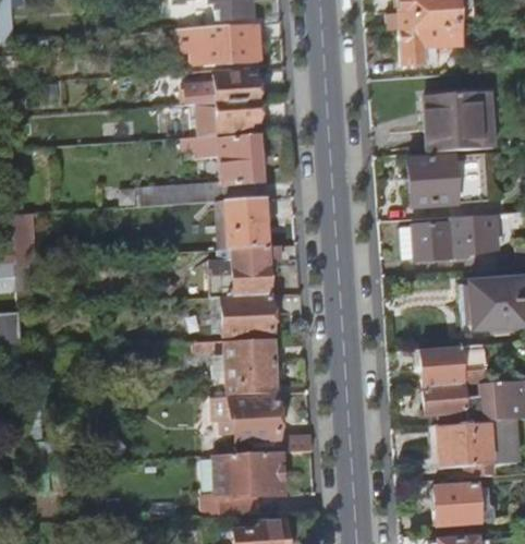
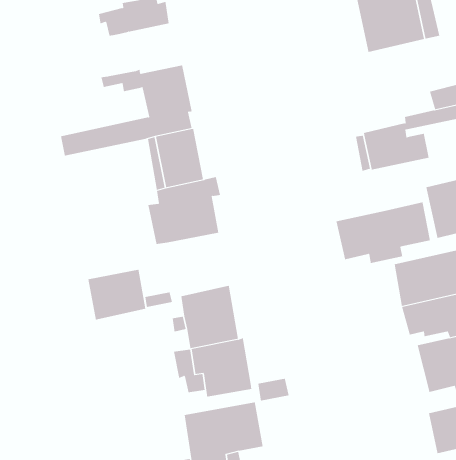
building: [192,98,256,137] -> none
building: [410,154,460,206] -> none
building: none -> [336,201,430,264]
building: [223,294,272,335] -> [88,269,146,320]

